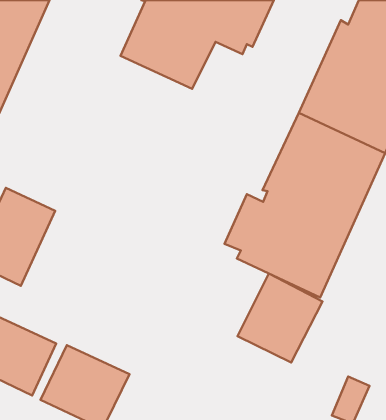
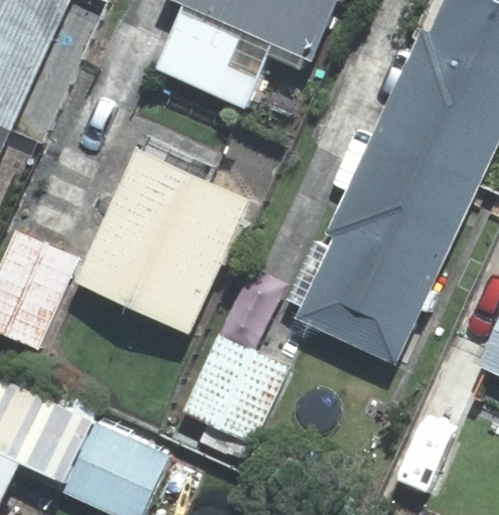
building: none -> [84,149,255,331]
building: [237,274,322,363] -> [182,333,286,442]

